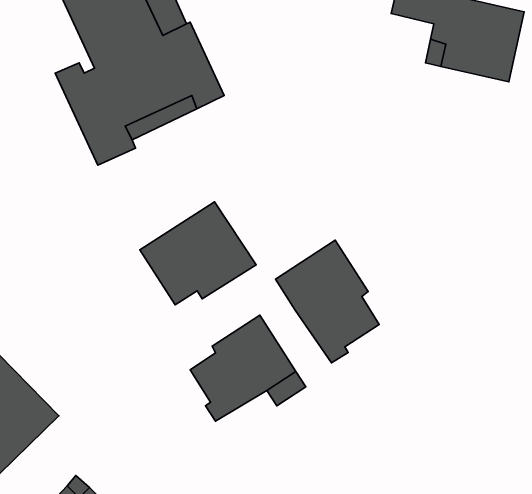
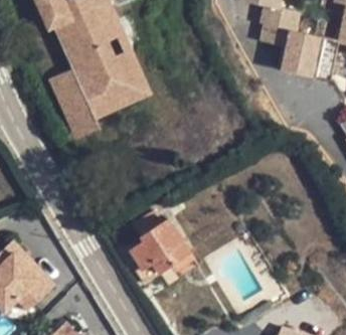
building: [140,202,256,305] -> none
building: [275,240,379,363] -> none

